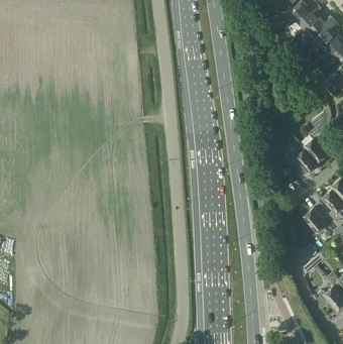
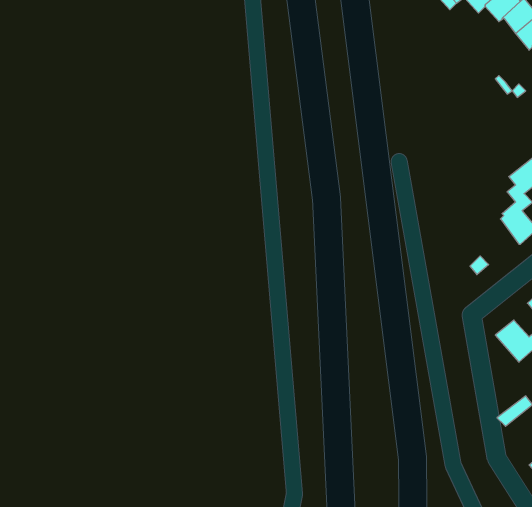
building: [285,147,320,174] -> none

